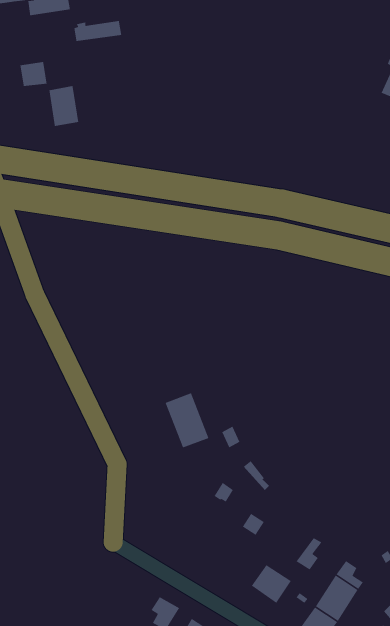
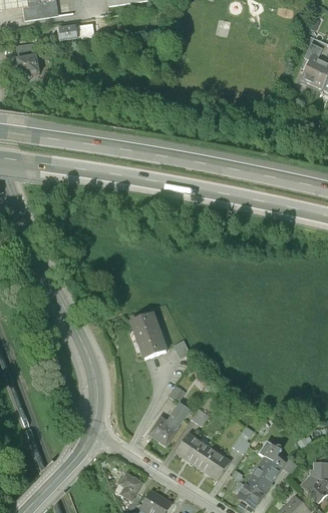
building: [48,85,79,127] -> none
building: none -> [151,403,190,445]
building: none -> [177,434,210,465]

